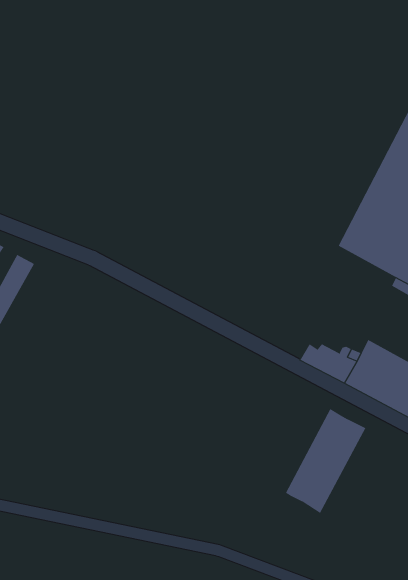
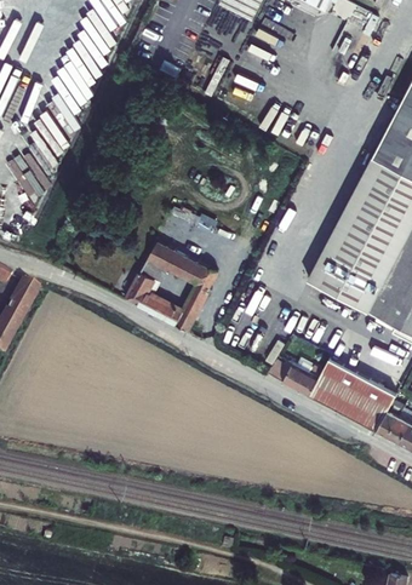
building: none -> [131,242,219,331]
building: [285,408,366,514] -> none

